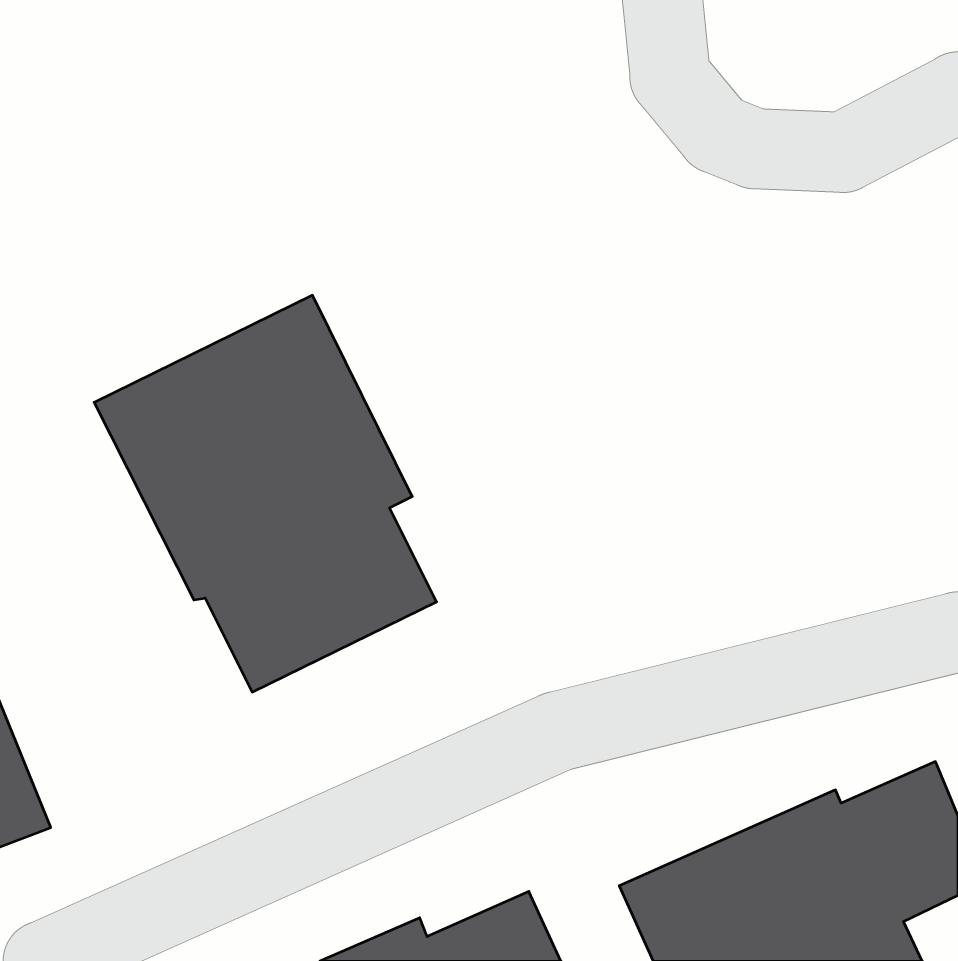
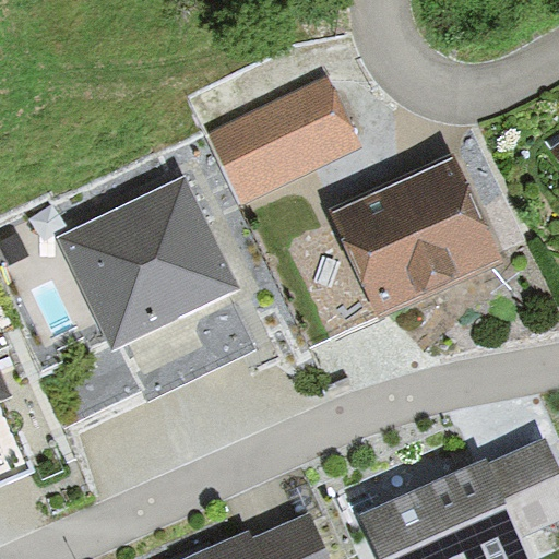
building: none -> [205,76,359,206]
building: none -> [326,153,506,319]

